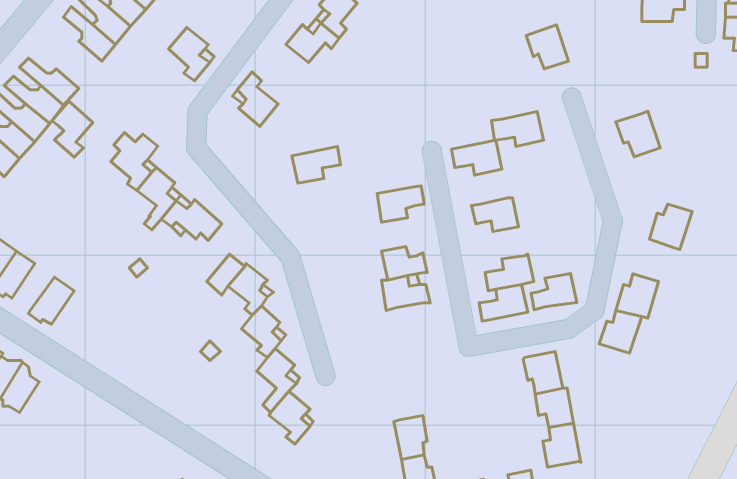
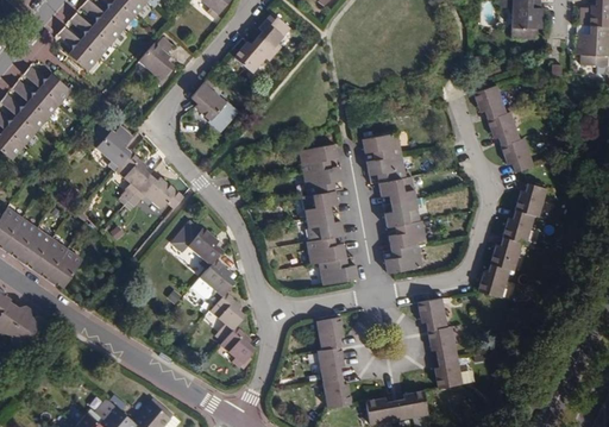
building: [526,25,569,69] -> [476,83,509,118]
building: [52,101,93,157] -> none
building: [492,111,543,146] -> [365,155,406,182]
building: none -> [504,137,538,170]
building: [292,147,340,183] -> [299,145,337,174]
building: none -> [303,191,337,219]
building: none -> [503,209,536,244]
building: none -> [17,228,51,265]
building: [531,273,577,310] -> [383,200,419,228]
building: none -> [46,250,81,287]
building: none -> [319,259,357,287]
building: none -> [315,316,343,351]

